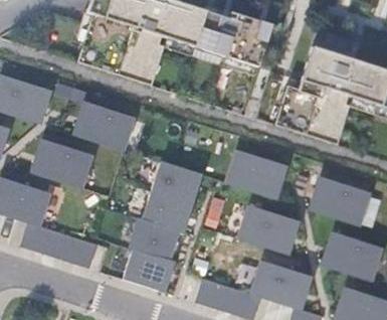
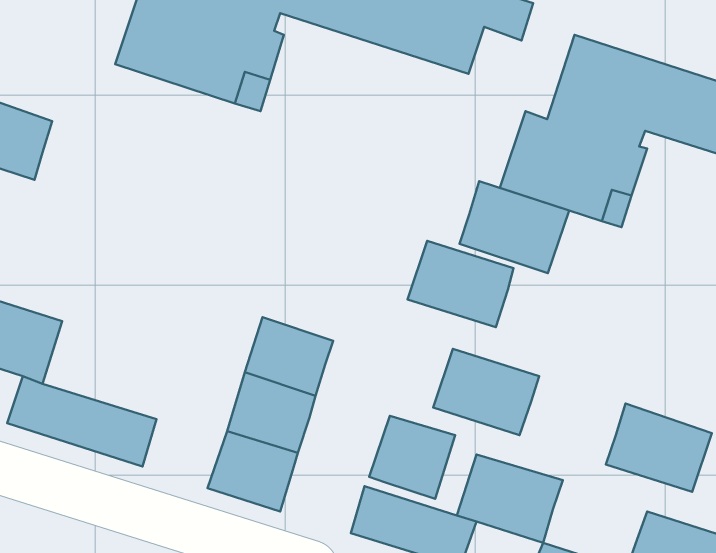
building: [79,104,133,148] -> none
building: [36,141,90,186] -> none
building: [152,161,198,202] -> none
building: [319,178,375,225] -> [459,181,569,273]
building: none -> [369,416,455,499]

